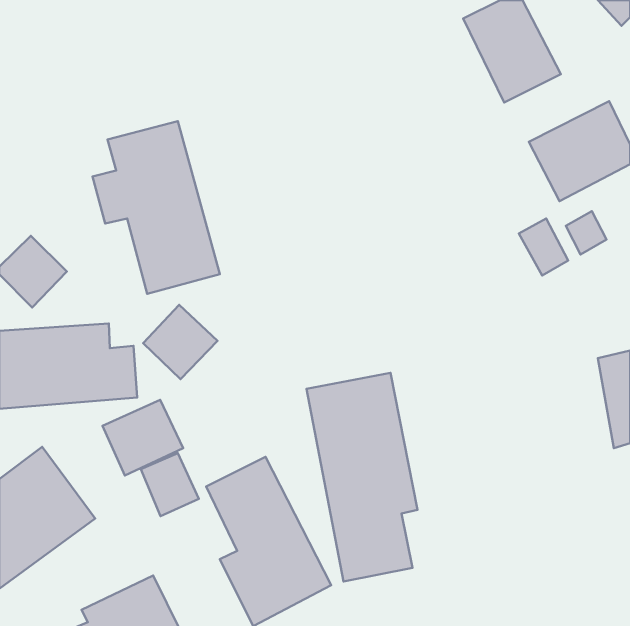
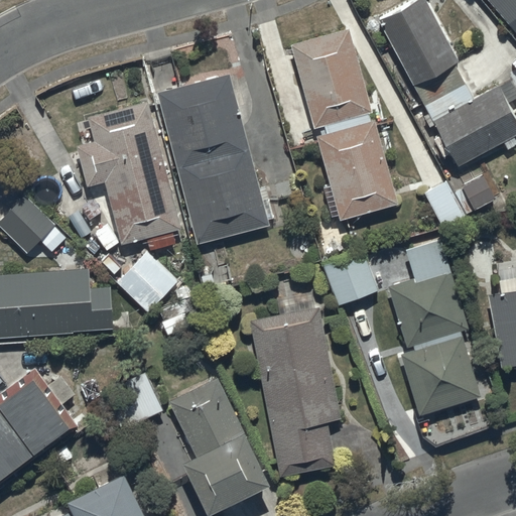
building: none -> [290,28,398,220]
building: none -> [157,75,268,246]
building: none -> [388,240,481,417]
building: none -> [322,252,378,306]
building: [102,400,183,475] -> none

